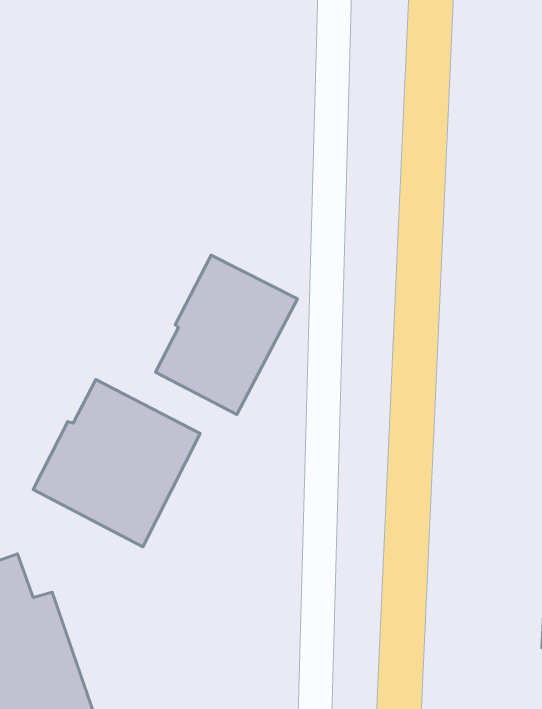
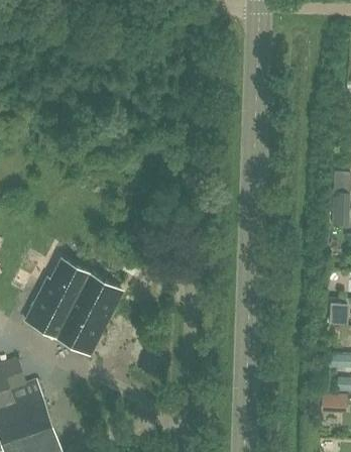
building: [155,255,297,414] -> none

